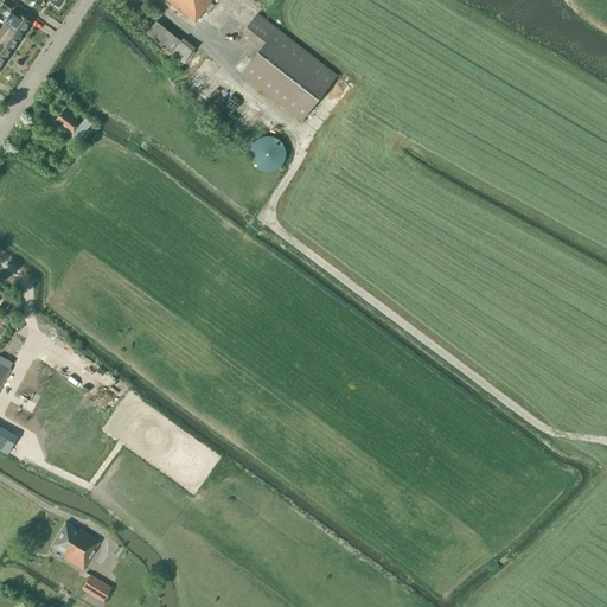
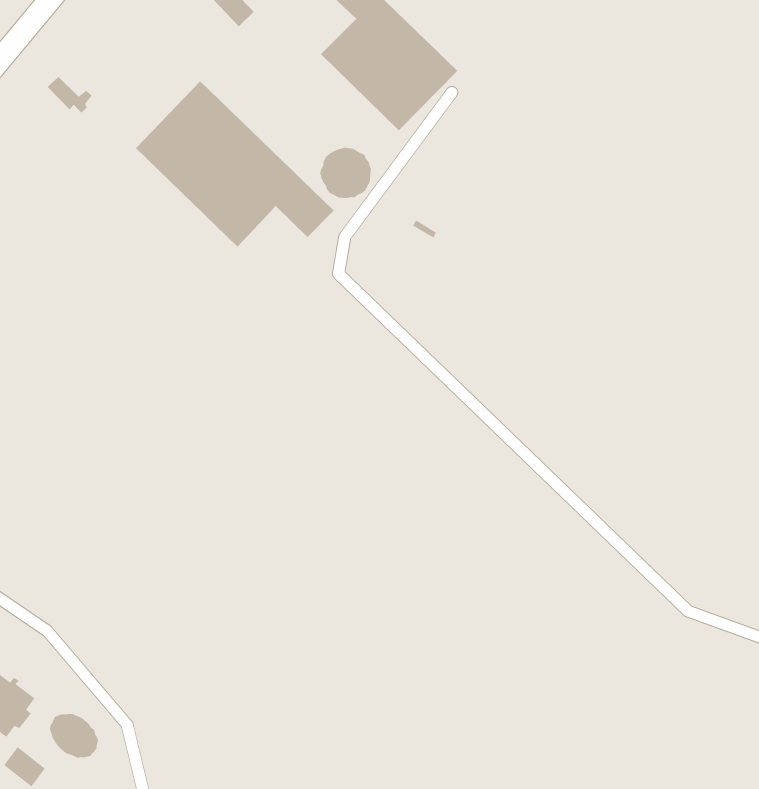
building: none -> [135,80,334,247]
building: none -> [49,713,99,759]

